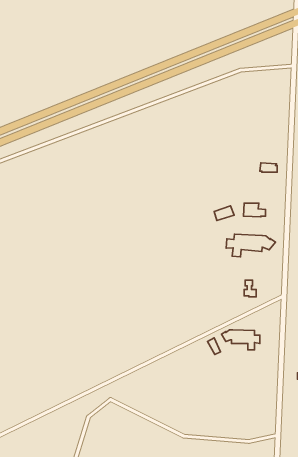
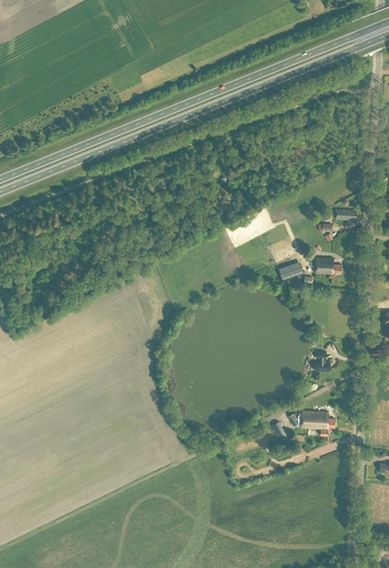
building: [226,234,276,257] -> none

